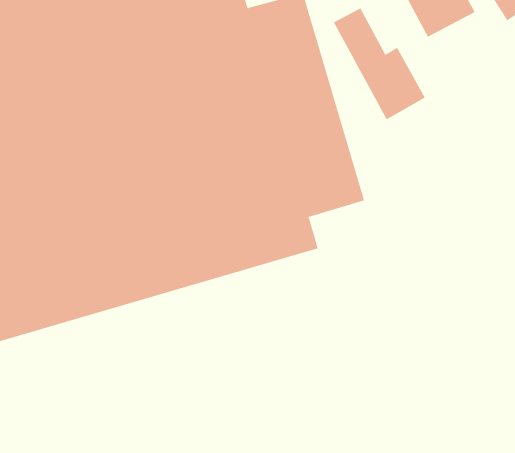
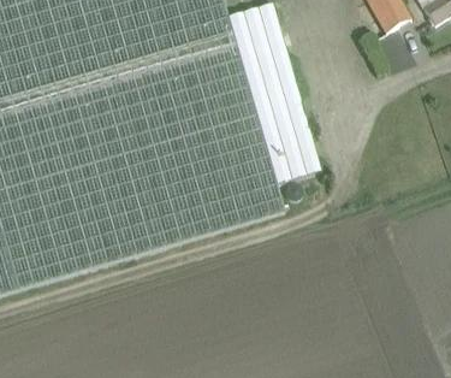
building: [333,7,426,120] -> none

